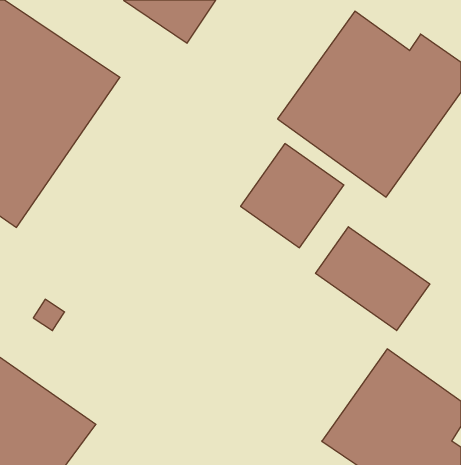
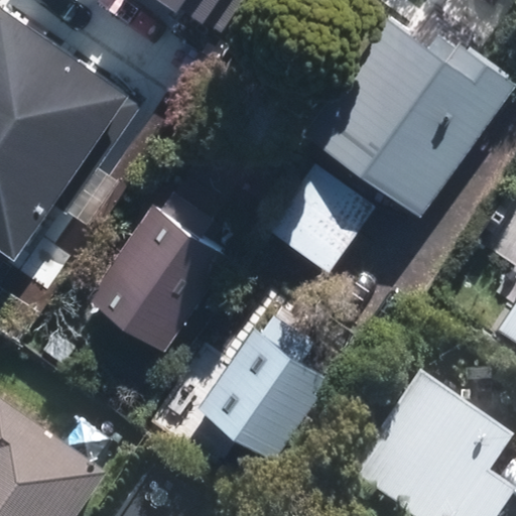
building: none -> [84,194,230,354]
building: [316,227,430,331] -> none
building: none -> [195,315,332,464]

